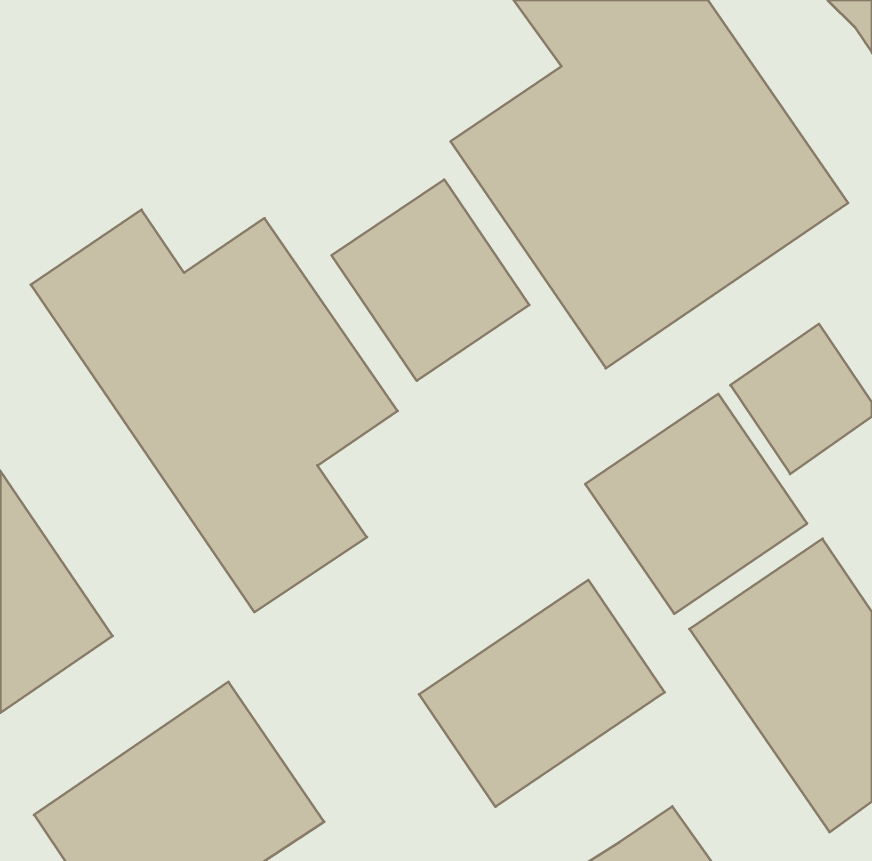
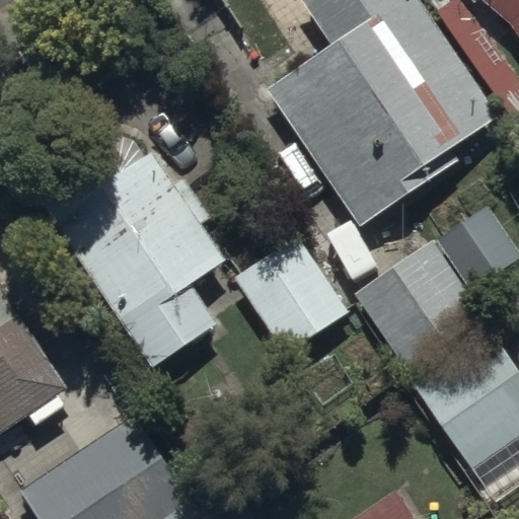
building: [332,180,529,381] -> none
building: none -> [232,235,349,358]
building: [419,580,665,807] -> none

